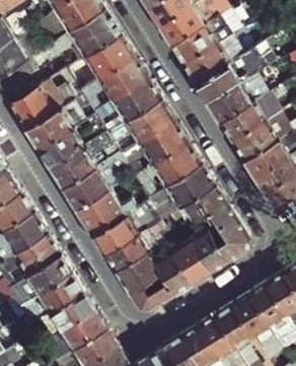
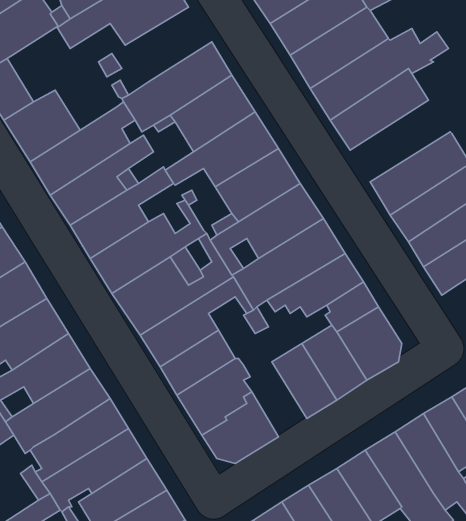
building: [81,34,134,80] -> none
building: [218,91,279,141] -> none
building: [153,250,192,296] -> none

